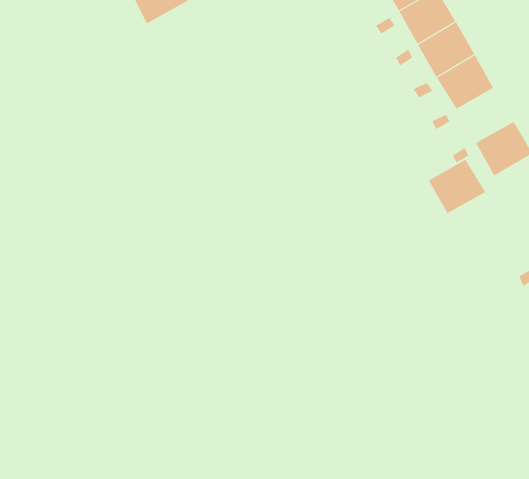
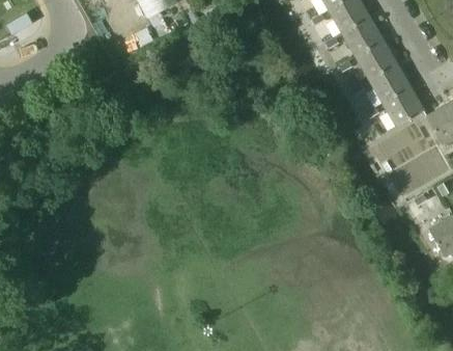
building: [428,159,486,214] -> [369,63,410,103]

